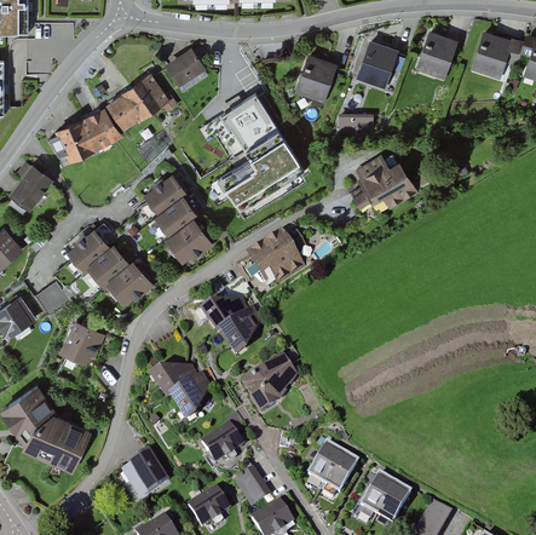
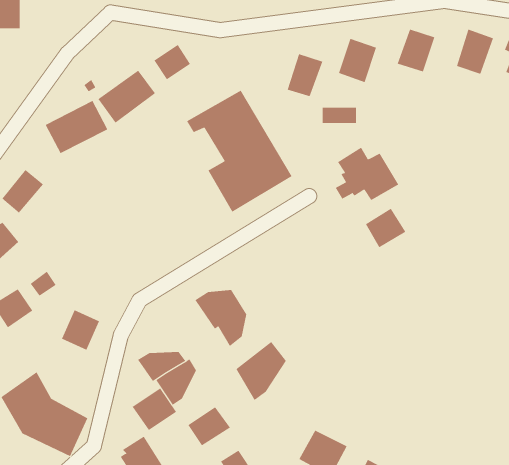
building: [145,173,213,261] -> none
building: none -> [365,208,406,248]
building: [69,230,156,306] -> none
building: [250,231,306,281] -> none
building: none -> [132,388,177,431]

